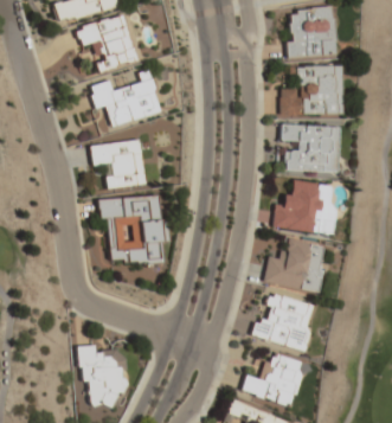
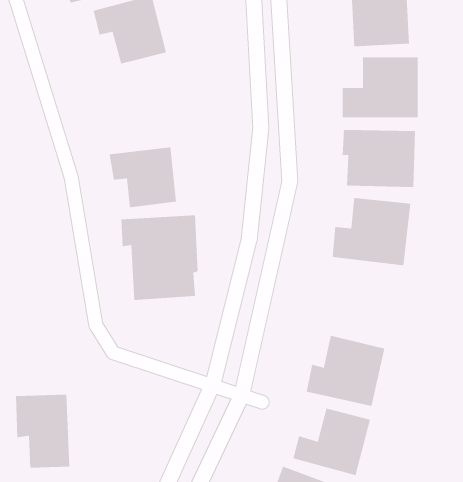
building: [90,70,161,126] -> none
building: [263,237,328,295] -> none
building: [78,346,123,406] -> [15,394,70,468]

